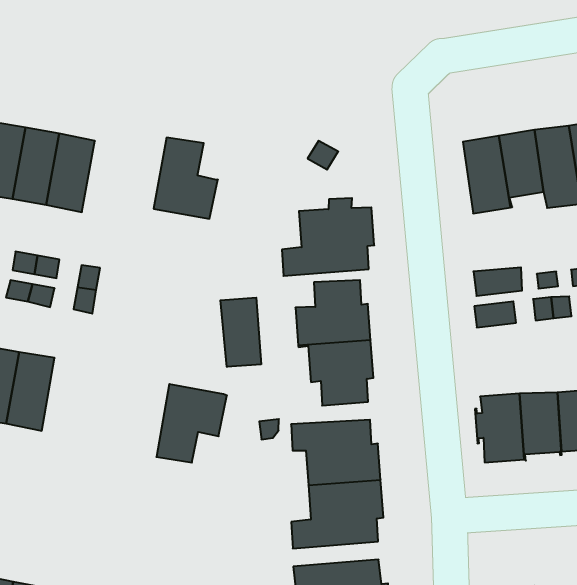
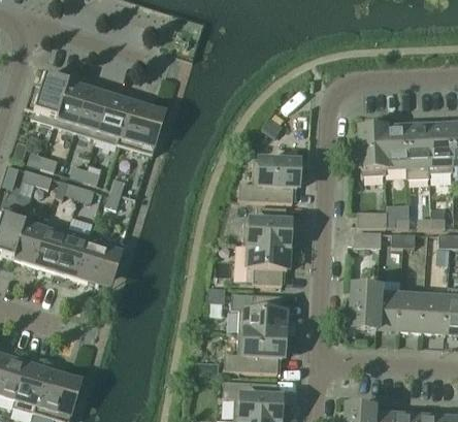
building: [154,138,218,219] -> [119,102,161,156]
building: [220,298,261,367] -> none
building: [156,384,227,463] -> [77,234,126,285]

